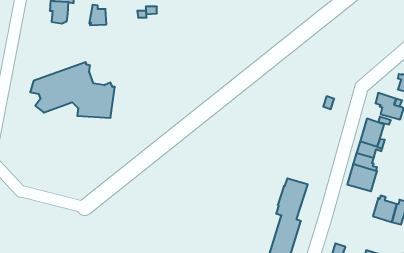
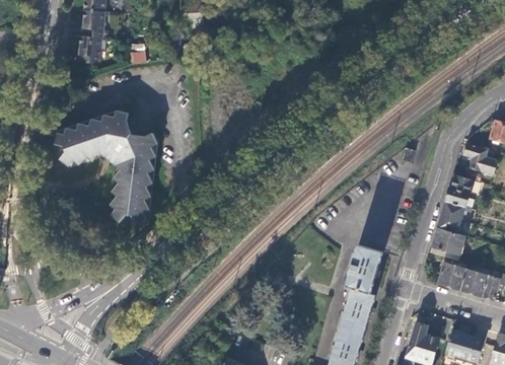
building: none -> [103,171,150,221]
building: none -> [438,263,467,290]

